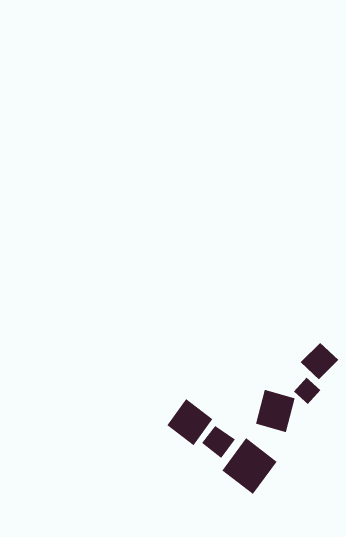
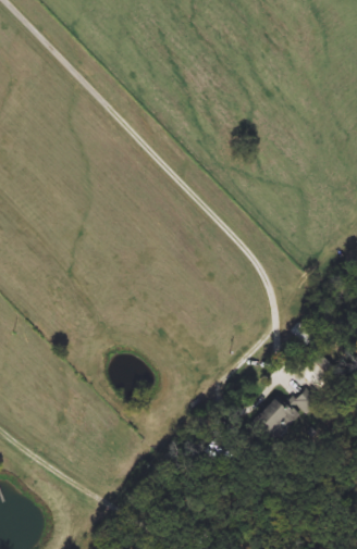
building: [167,398,213,446] -> none
building: [221,437,277,495] -> none

